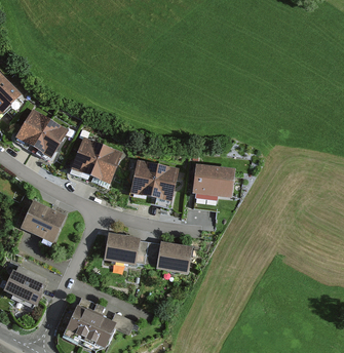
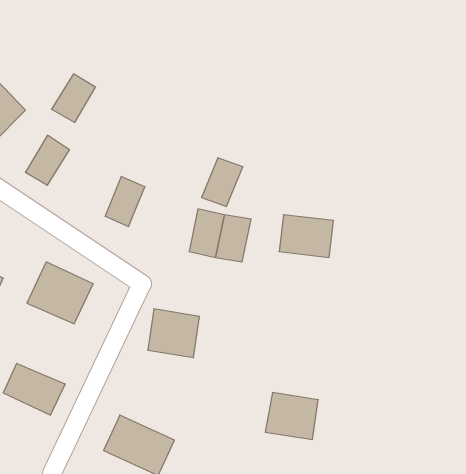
building: [34,121,65,155] -> [51,74,96,122]
building: [90,147,119,181] -> [202,158,243,206]
building: [155,241,192,274] -> [265,392,318,440]

